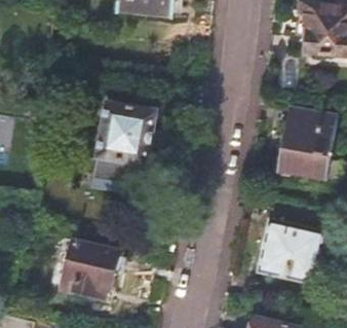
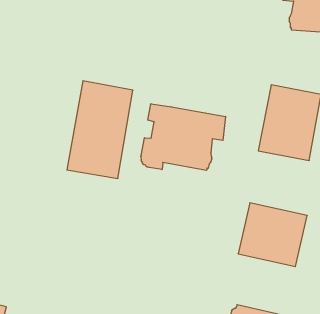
building: none -> [141,104,226,170]
building: [64,241,117,299] -> none

